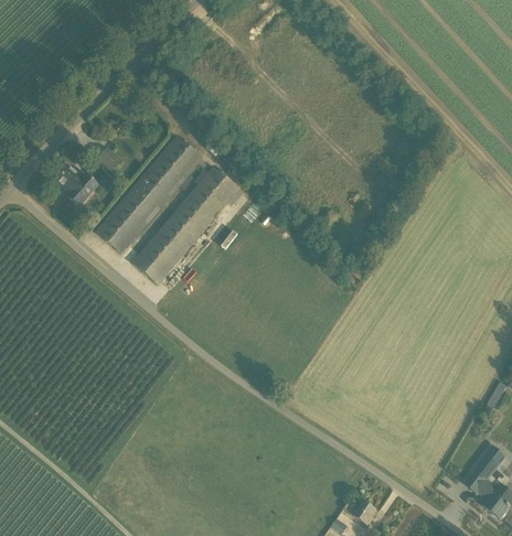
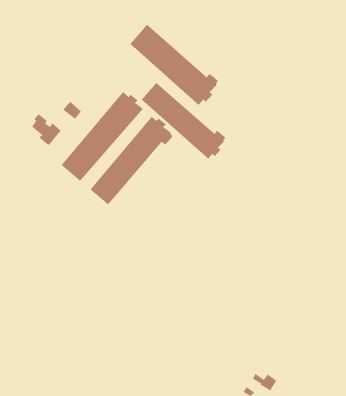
building: none -> [129,24,219,106]
building: none -> [141,82,226,160]

